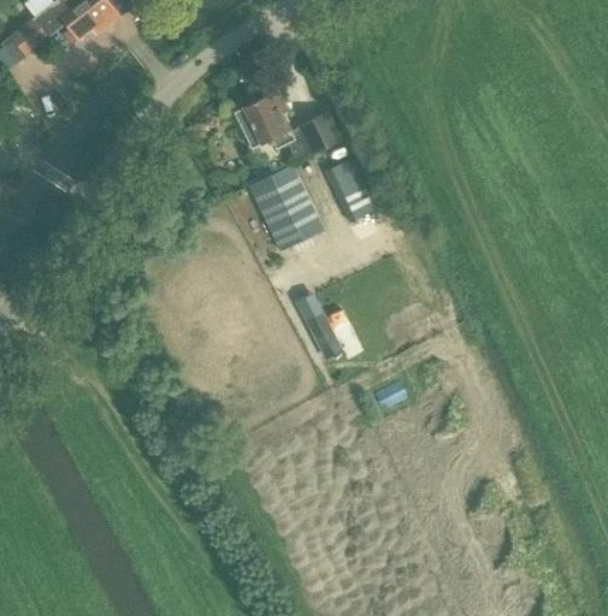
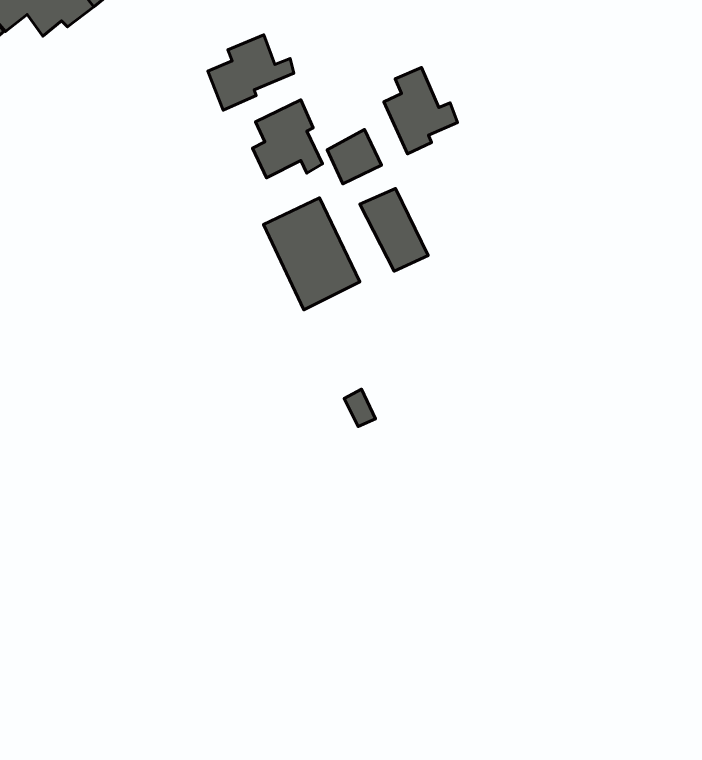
building: none -> [208,35,294,110]
building: none -> [384,67,457,154]

